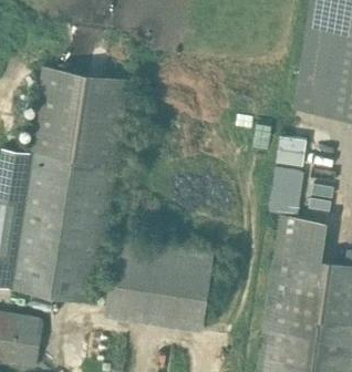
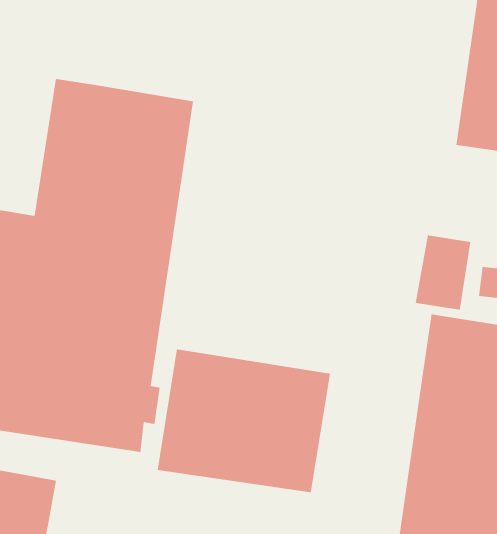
building: [276,134,306,164] -> none

